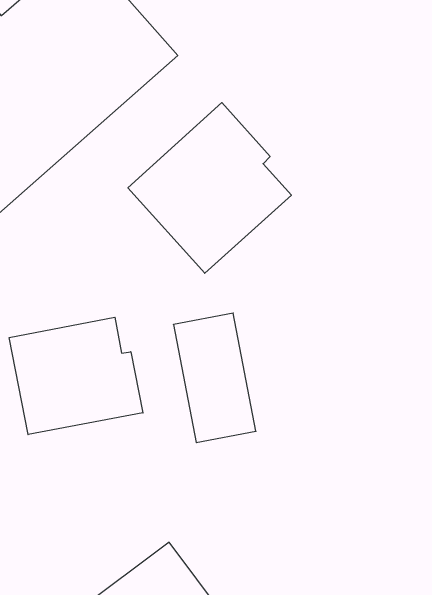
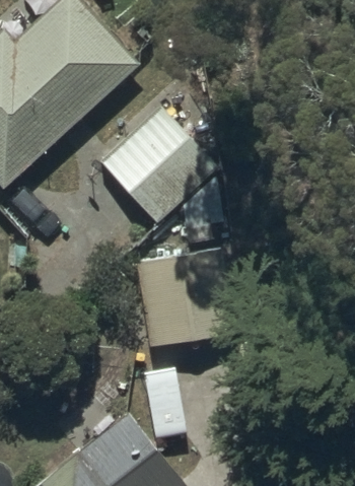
building: [9,317,143,435] -> none

